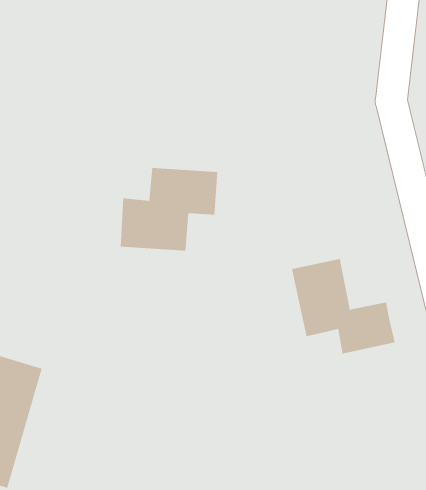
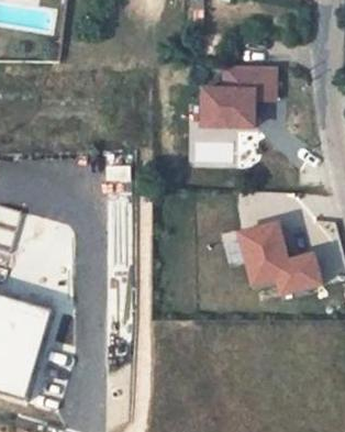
building: [120,167,218,251] -> [203,65,278,129]

